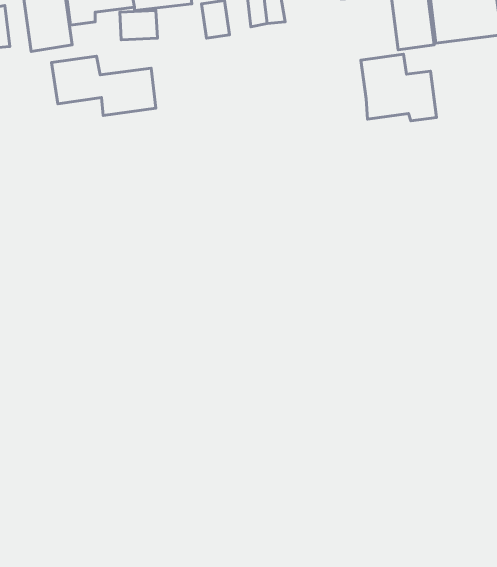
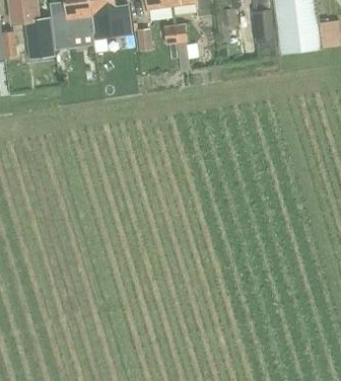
building: [361,54,436,121] -> none
building: [52,56,156,115] -> none

